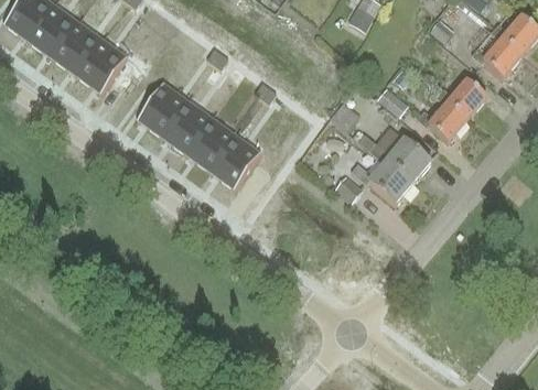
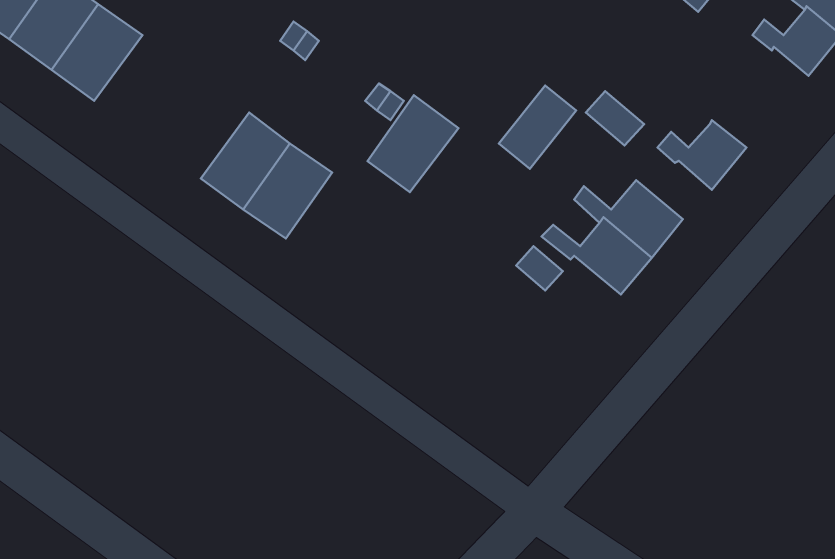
building: [438,79,489,118] -> none
building: [134,80,186,136] -> none
building: [207,132,259,187] -> [367,95,458,192]

